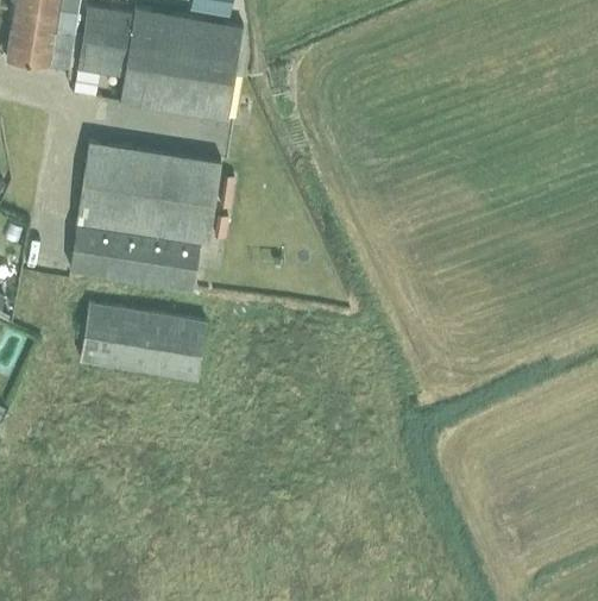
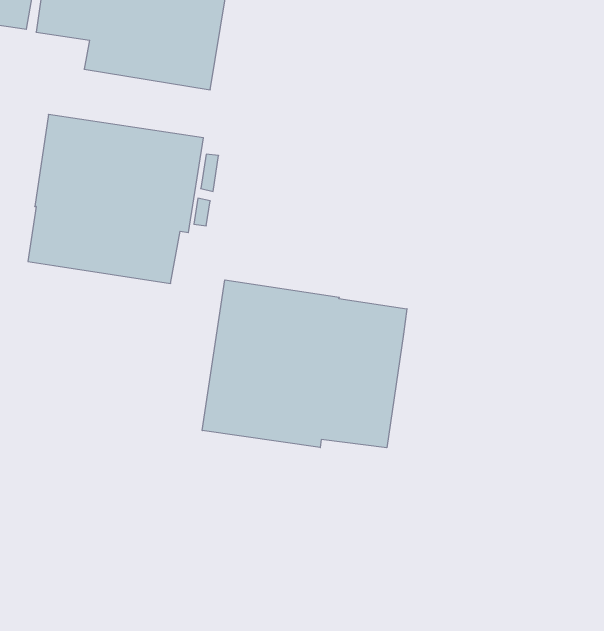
building: none -> [202,280,407,448]
building: [80,306,204,380] -> none

